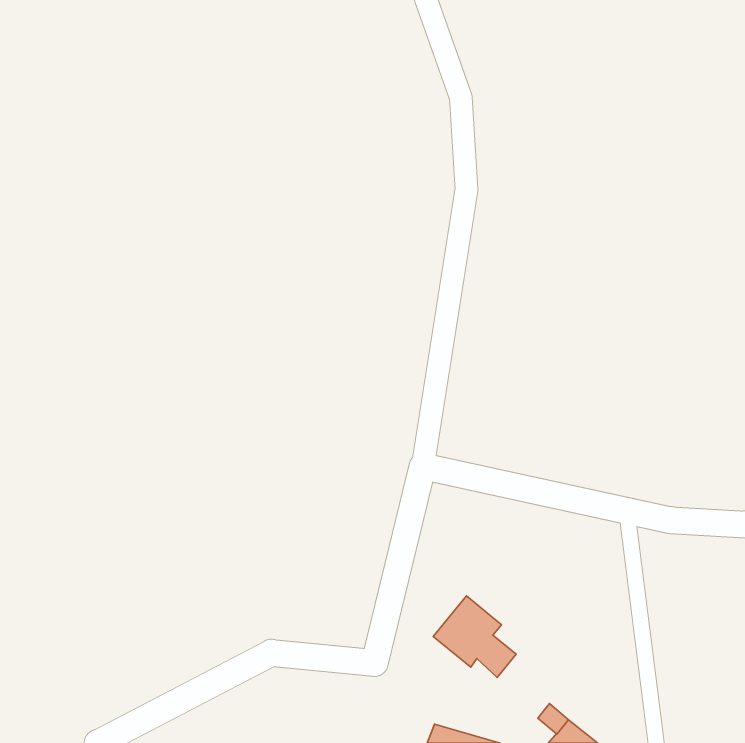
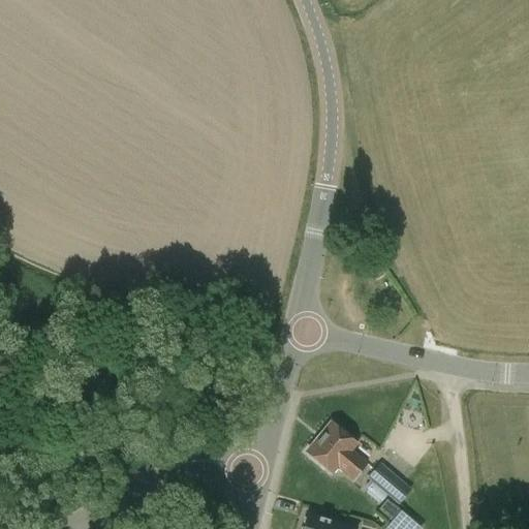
building: none -> [369,463,412,504]

